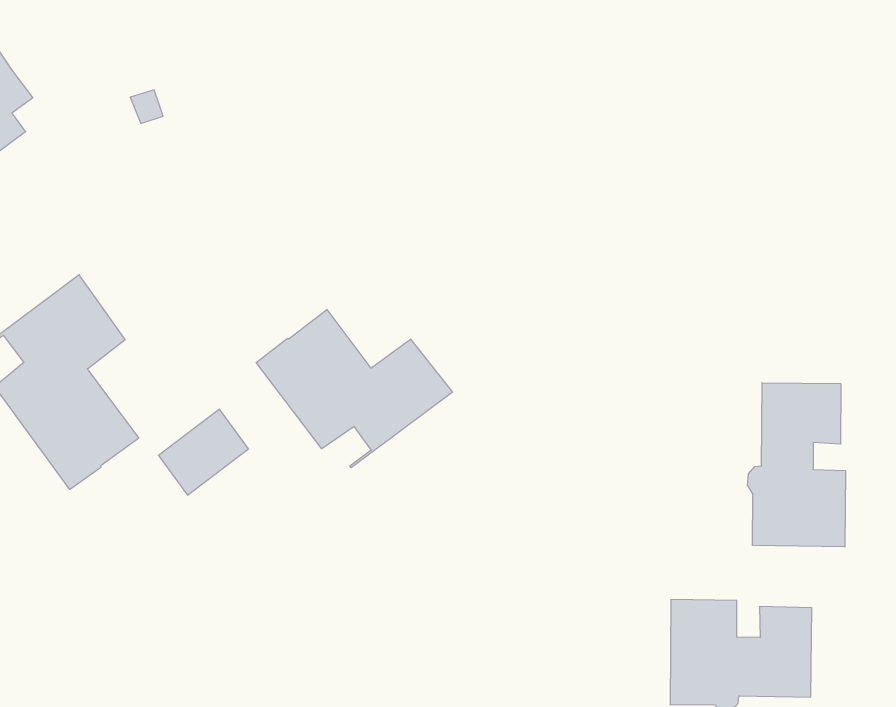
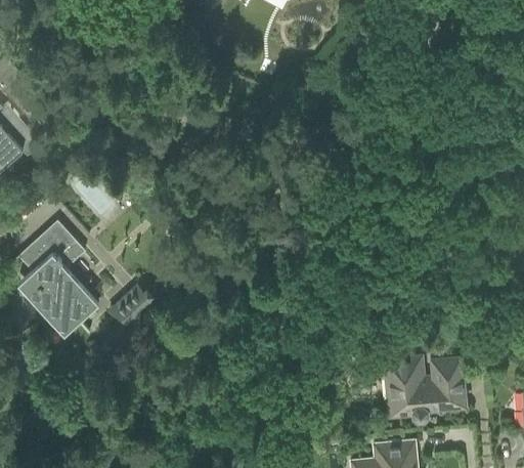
building: [256,309,452,468] -> none
building: [747,383,846,547] -> none

